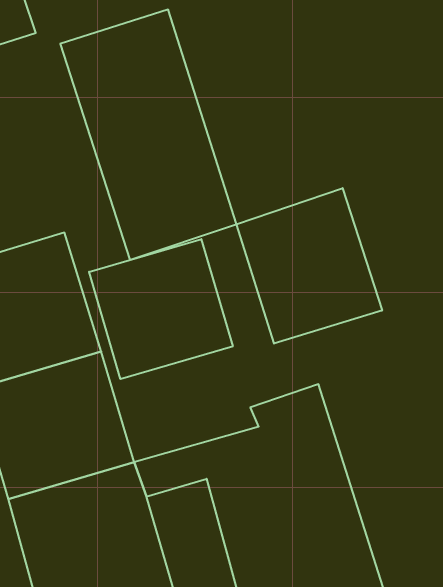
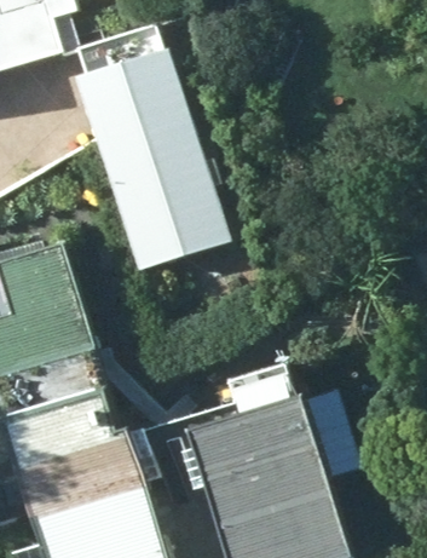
building: [237,188,382,344] -> none
building: [89,239,233,379] -> none

